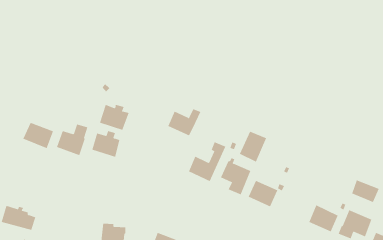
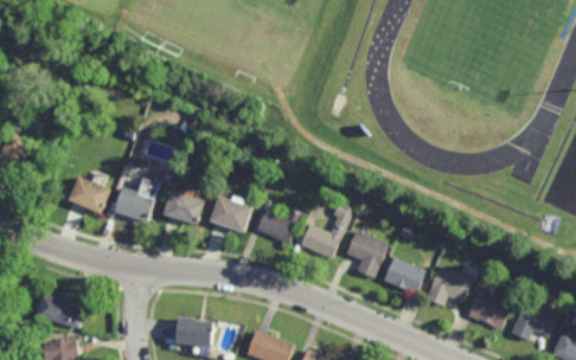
building: [99,104,130,130] -> [207,195,250,232]
building: [168,108,201,136] -> [255,205,302,244]
building: [239,131,267,162] -> none
building: [351,179,379,203] -> none
building: none -> [425,265,472,306]

